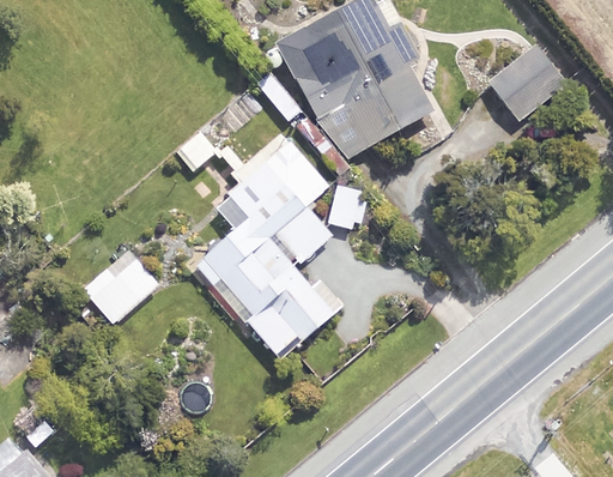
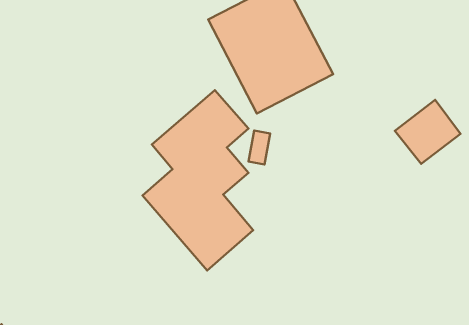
building: [482,43,566,125] -> [395,100,461,164]
building: [81,249,157,324] -> none

